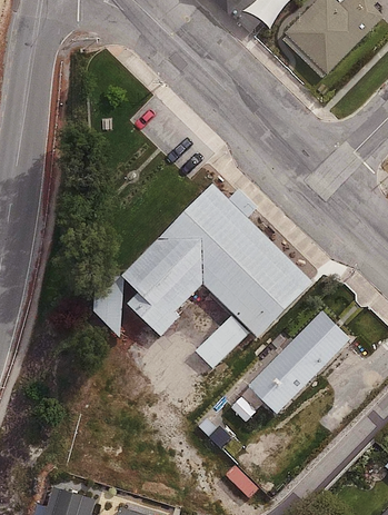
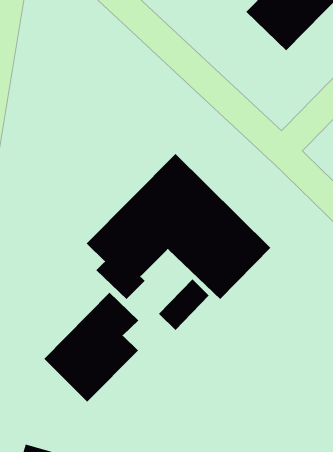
building: [243,311,349,418] -> none
building: none -> [43,292,139,402]

